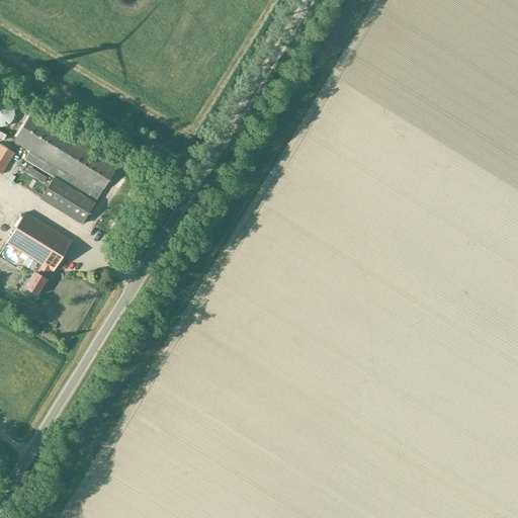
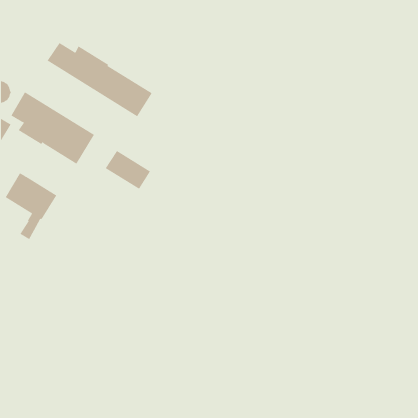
building: none -> [47,42,153,117]
building: [38,177,95,226] -> [105,150,151,190]

